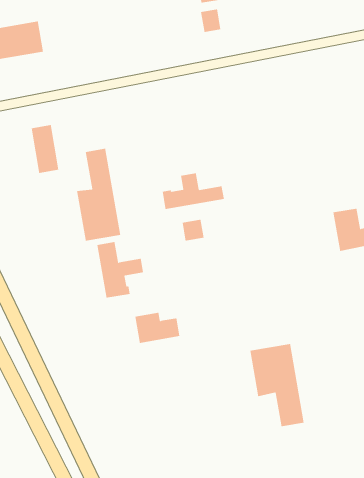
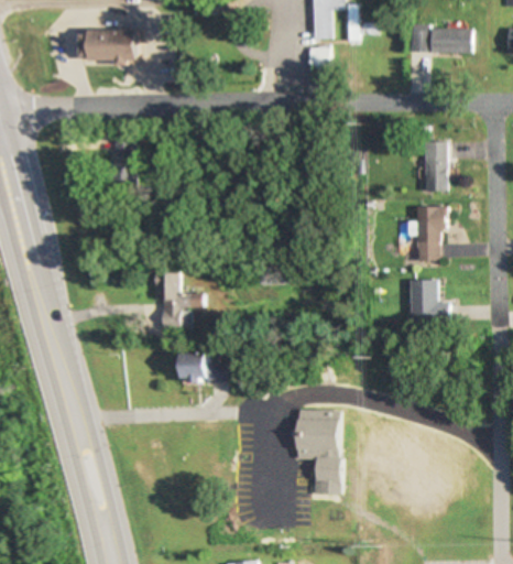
building: none -> [425,141,448,192]
building: none -> [417,206,447,261]
building: [76,148,121,242] -> none
building: [162,173,224,210] -> none

